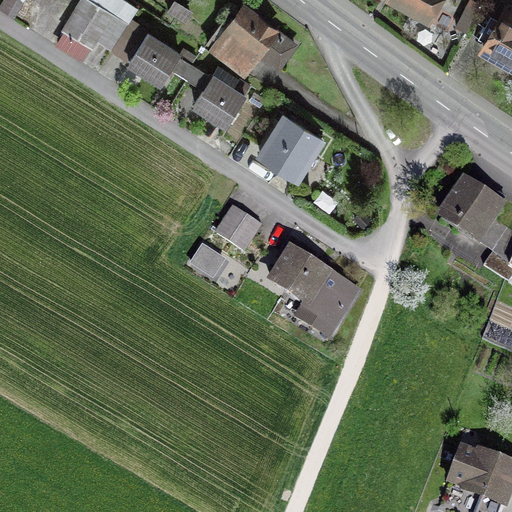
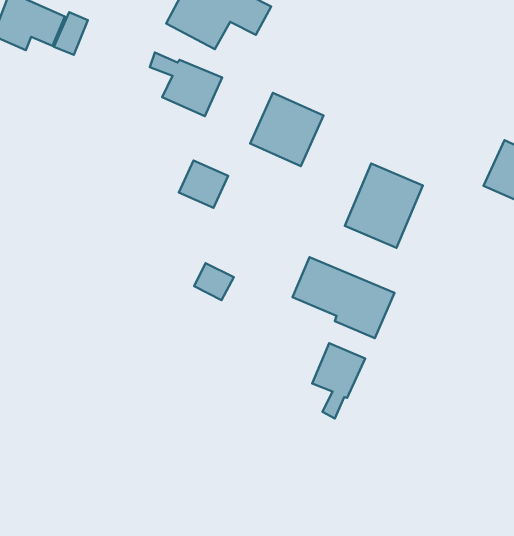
building: [129,34,194,83] -> none
building: none -> [345,164,423,248]
building: [217,211,259,252] -> [179,160,228,208]
building: none -> [312,343,365,418]

